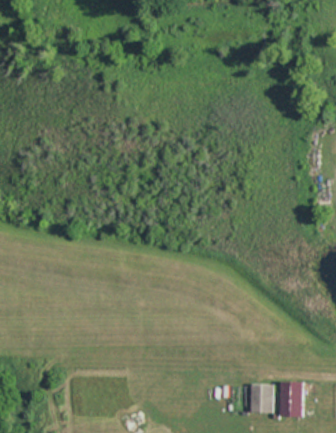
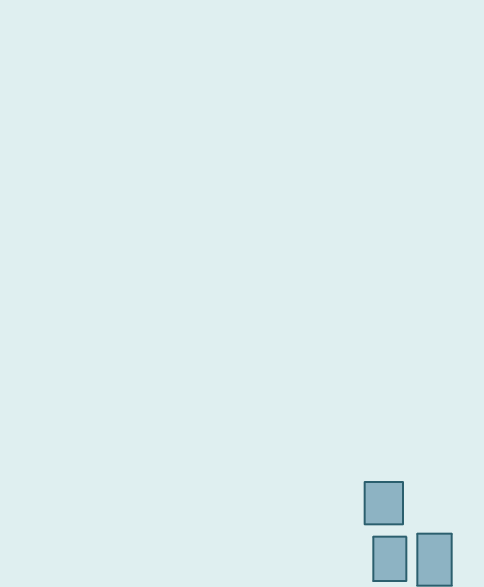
building: none -> [365,482,403,524]

